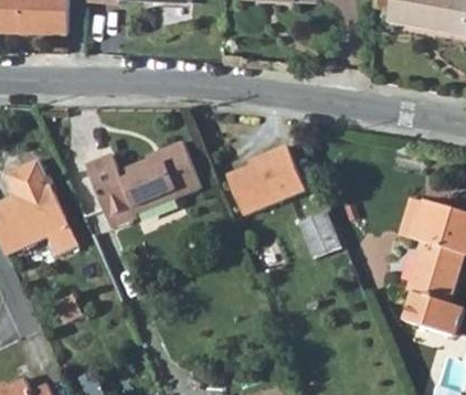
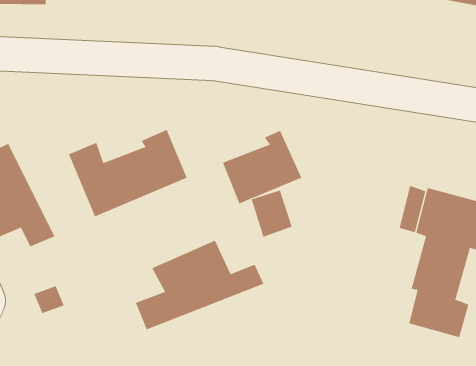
building: [303,210,341,254] -> [251,190,293,237]
building: none -> [135,240,264,330]

